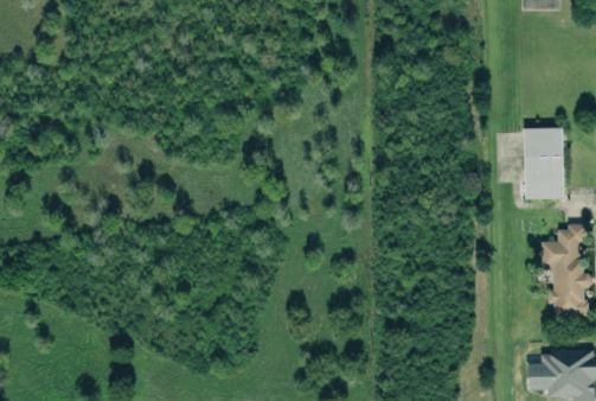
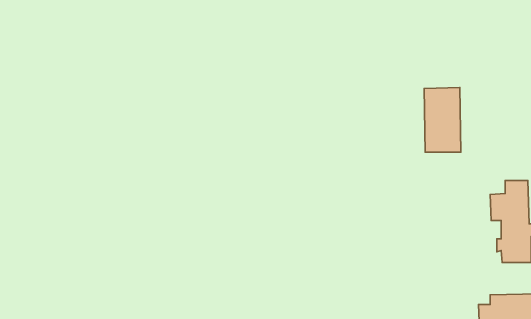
building: [524,127,564,198] -> [424,88,461,152]

